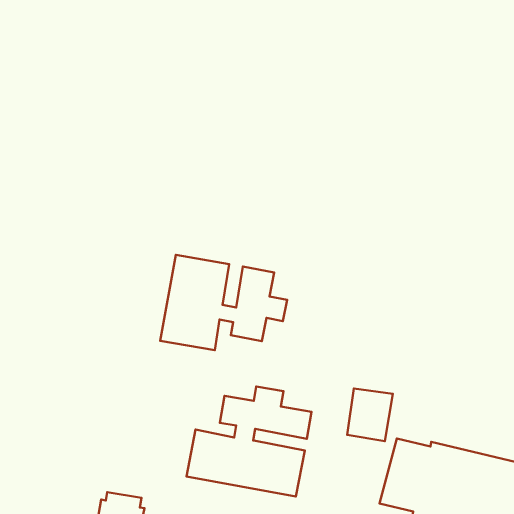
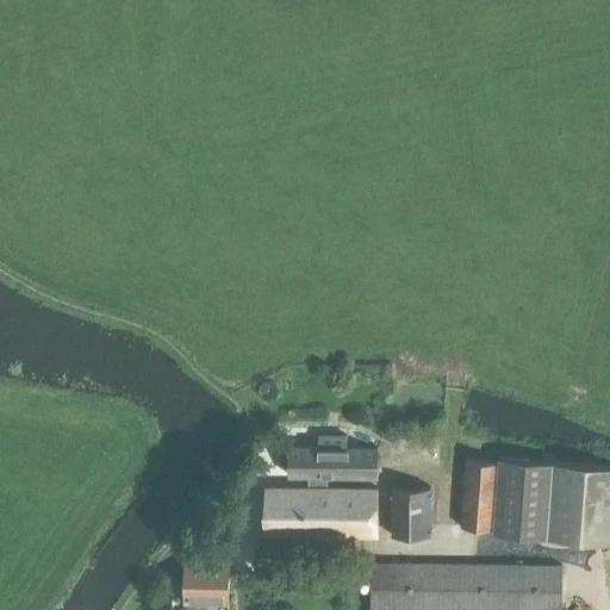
building: [160,255,287,350] -> none
building: [347,389,393,441] -> [391,490,430,537]

